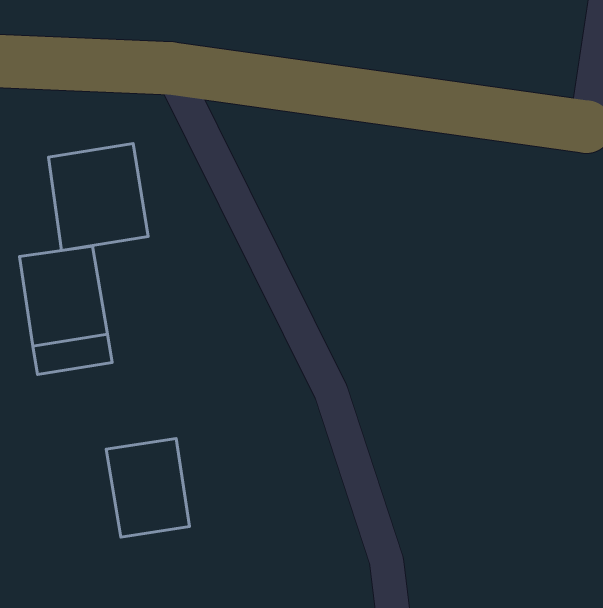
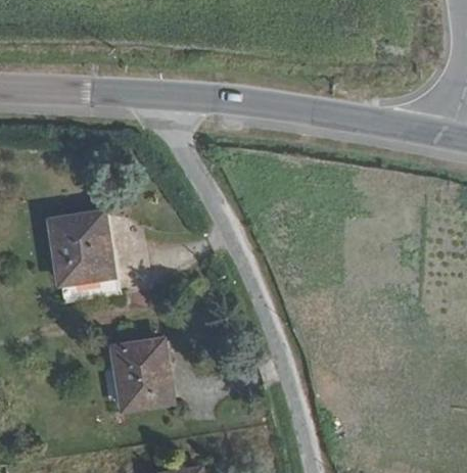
building: [48,144,148,251] -> none

